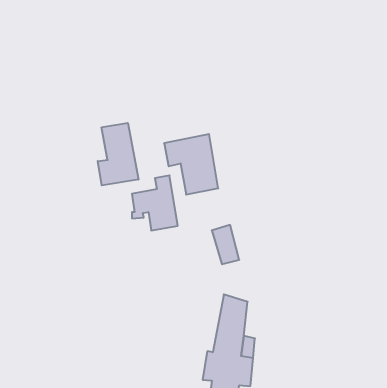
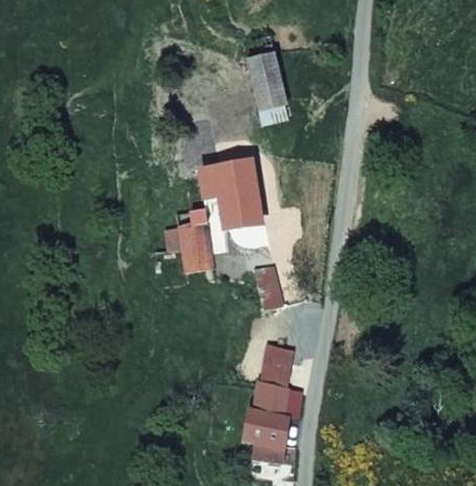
building: none -> [245,34,287,110]
building: [98,123,138,185] -> none

